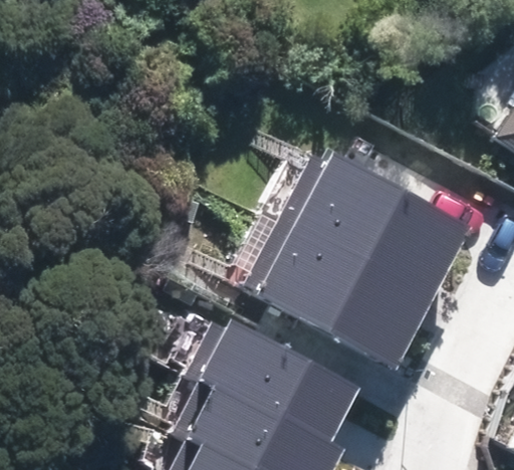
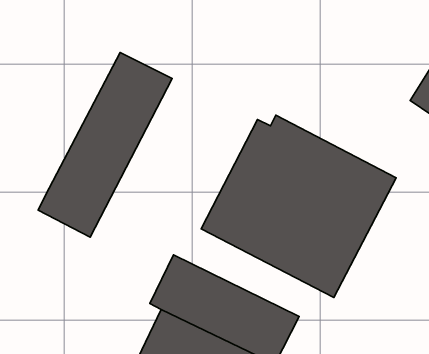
building: none -> [38,53,172,237]

